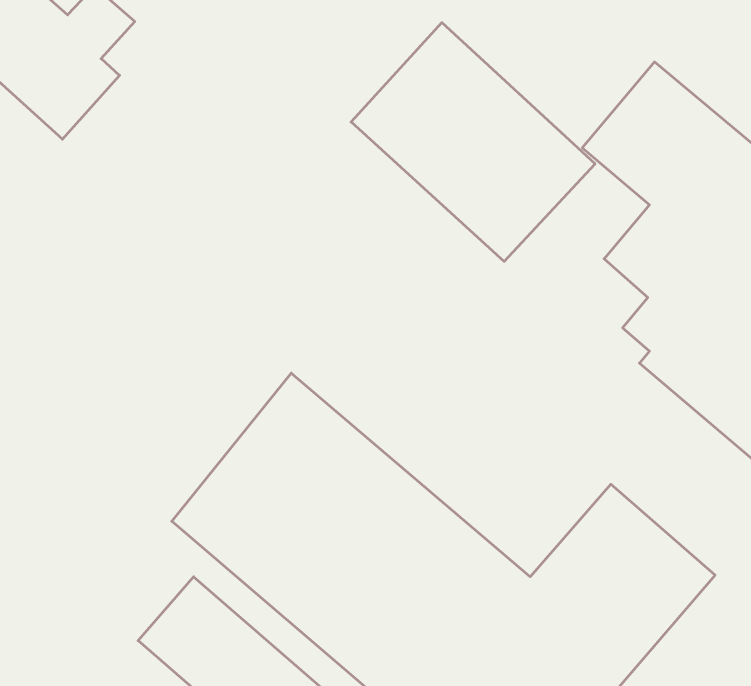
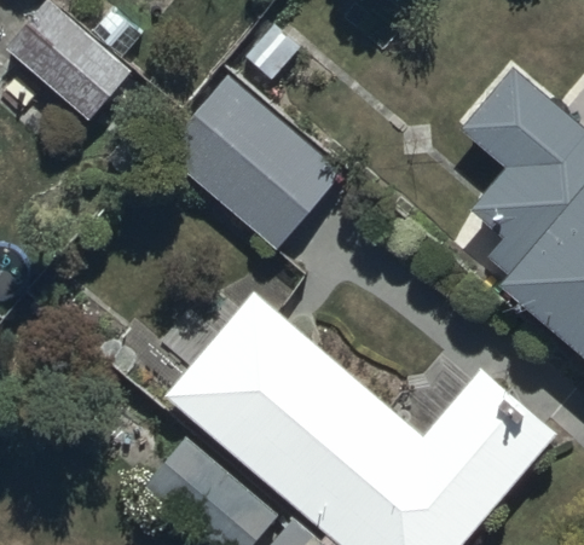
building: [351,23,595,261] -> [164,79,340,250]

